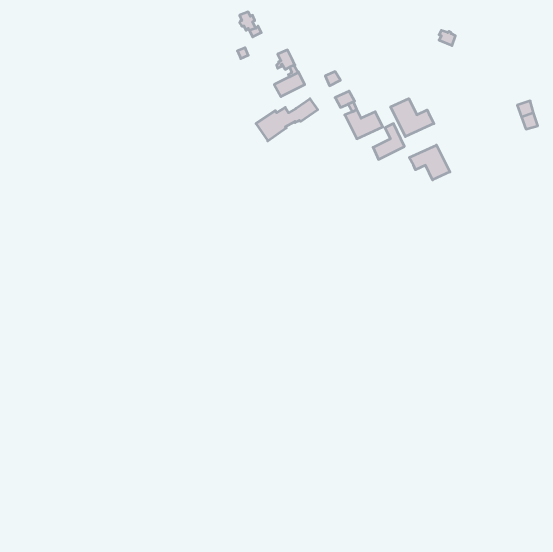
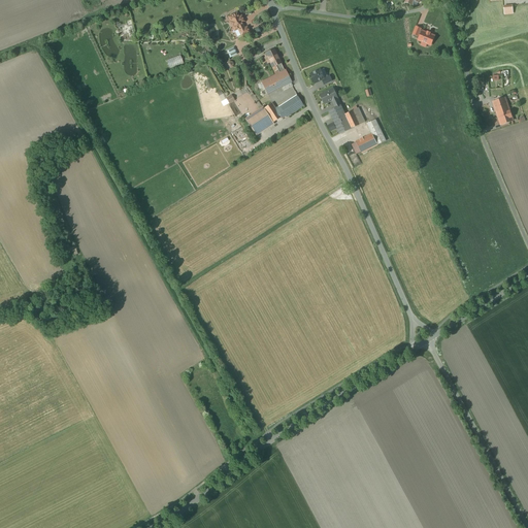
building: [391,99,434,137] -> none
building: [409,145,450,180] -> none

